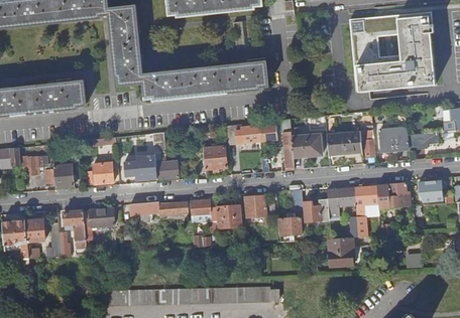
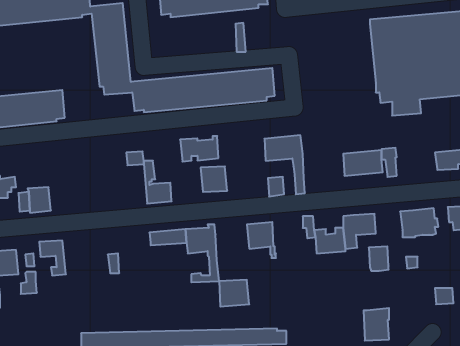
building: [226,122,259,144] -> [180,136,218,162]
building: [378,127,409,150] -> none
building: [292,133,322,156] -> none
building: [123,154,156,180] -> none
building: [86,162,113,184] -> none
building: [354,185,378,211] -> none
building: [129,200,159,221] -> none
building: [216,204,242,227] -> [219,280,249,307]
building: [83,207,114,247] -> none
building: [278,212,302,242] -> none
building: [328,236,350,265] -> [364,308,389,341]

